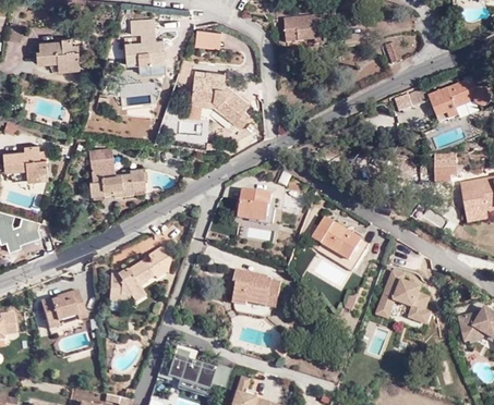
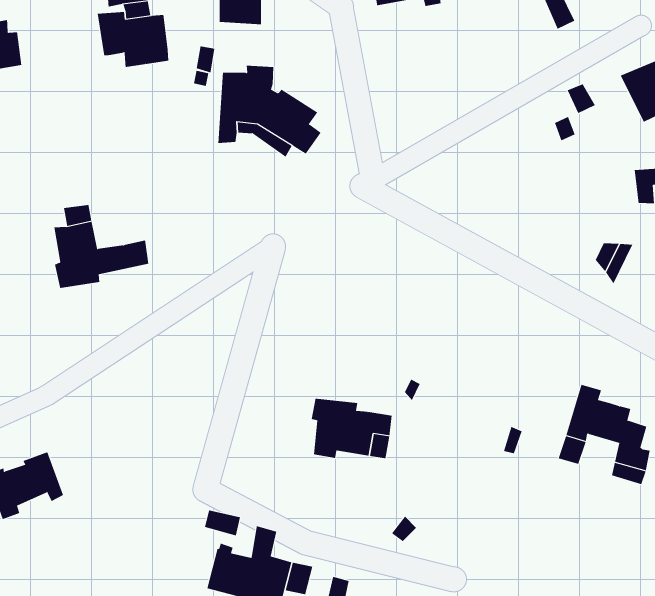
building: [238,189,270,221] -> none
building: [311,217,362,261] -> none
building: [108,247,170,302] -> none

